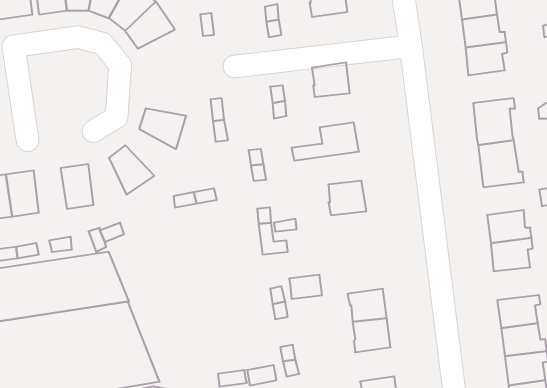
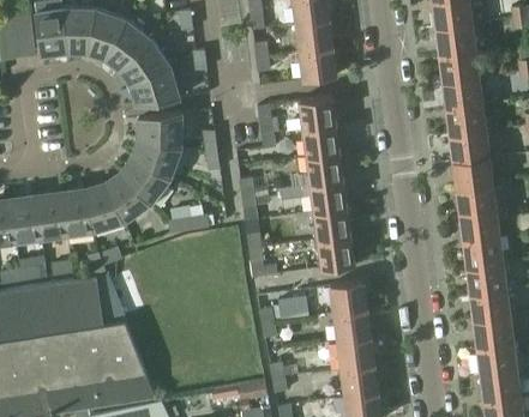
building: none -> [299,49,336,80]
building: none -> [134,66,179,104]
building: none -> [446,104,489,135]
building: none -> [142,114,181,147]
building: none -> [301,126,338,158]
building: none -> [122,159,170,204]
building: none -> [282,181,345,212]
building: none -> [88,187,124,231]
building: none -> [36,197,67,238]
building: none -> [461,210,500,241]
building: none -> [317,237,354,270]
building: none -> [330,282,366,315]
building: none -> [470,290,513,321]
building: none -> [339,365,377,398]

